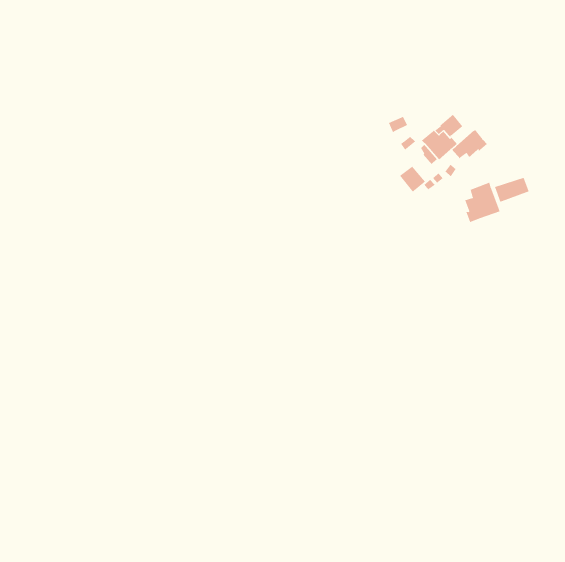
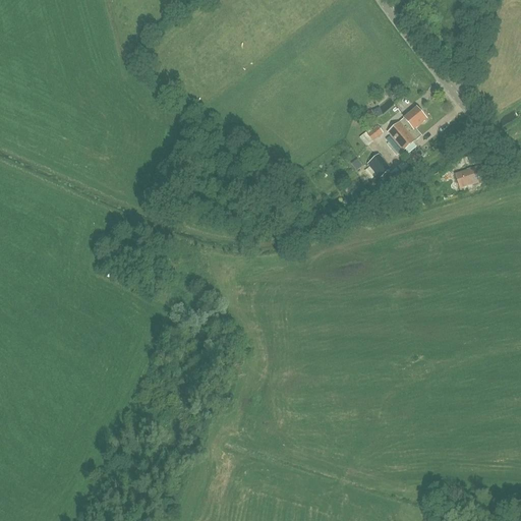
building: [451,129,488,159] -> none
building: [464,182,500,223] -> none

